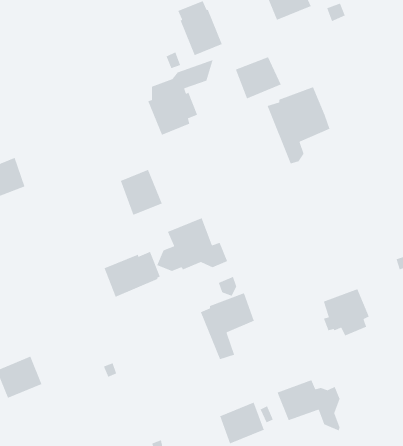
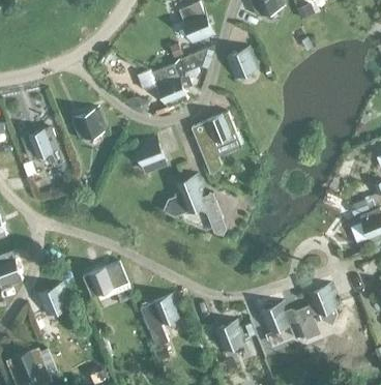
building: [267,86,331,164] -> [190,111,241,173]
building: none -> [70,107,108,141]
building: [103,251,161,298] -> [82,261,127,298]
building: [323,288,370,336] -> [303,283,341,321]
building: [200,292,255,360] -> [140,292,183,346]

